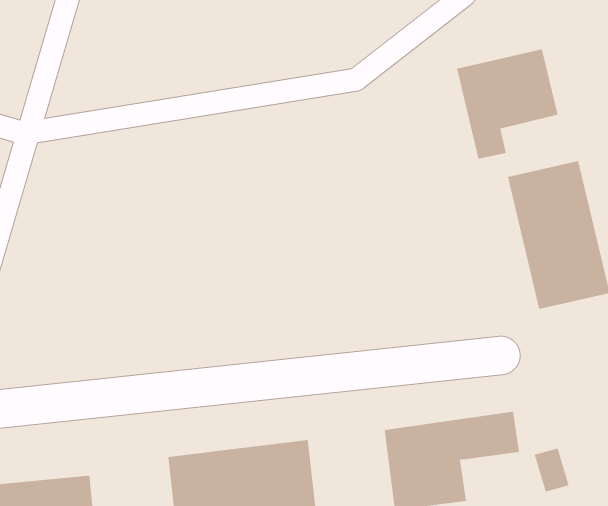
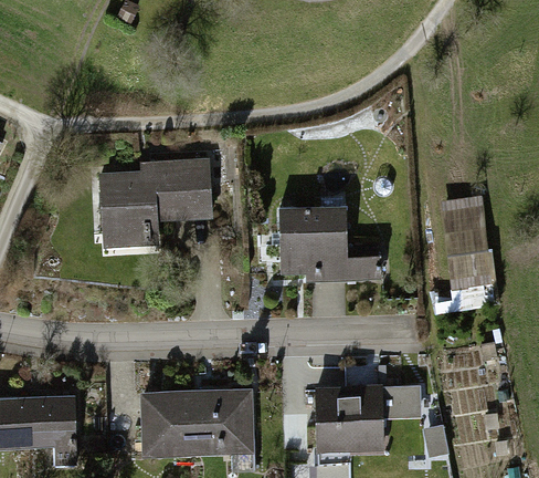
building: [456,48,558,160] -> none
building: none -> [98,162,211,243]
building: none -> [279,207,381,282]

